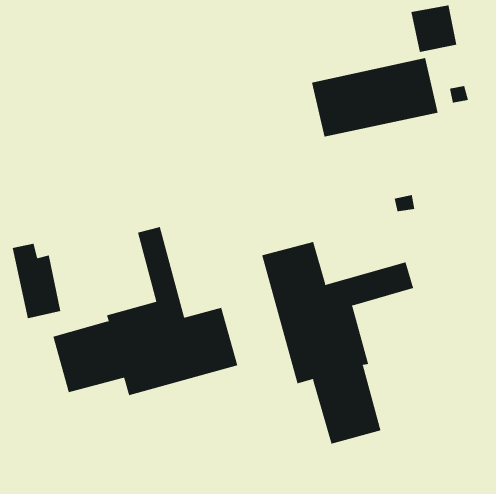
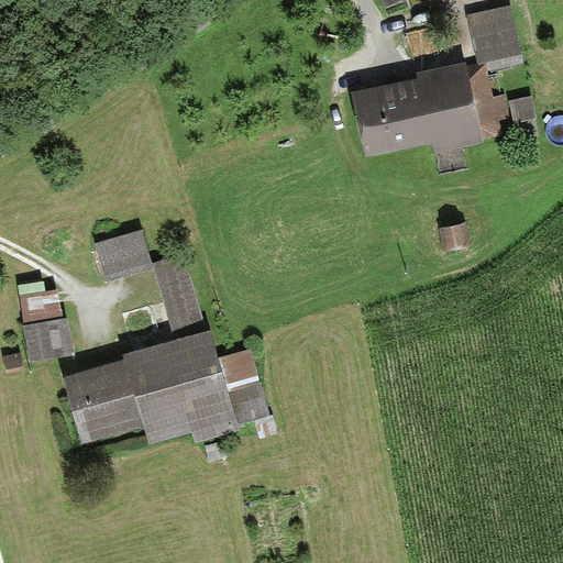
building: none -> [93,231,146,275]
building: [261,241,414,445] -> none

